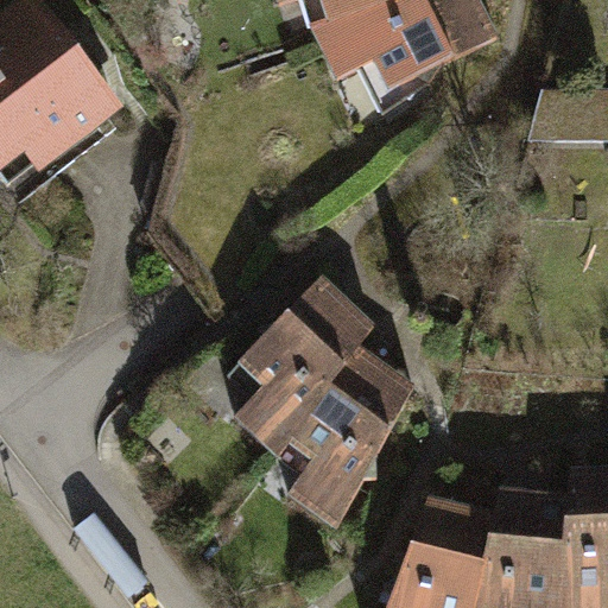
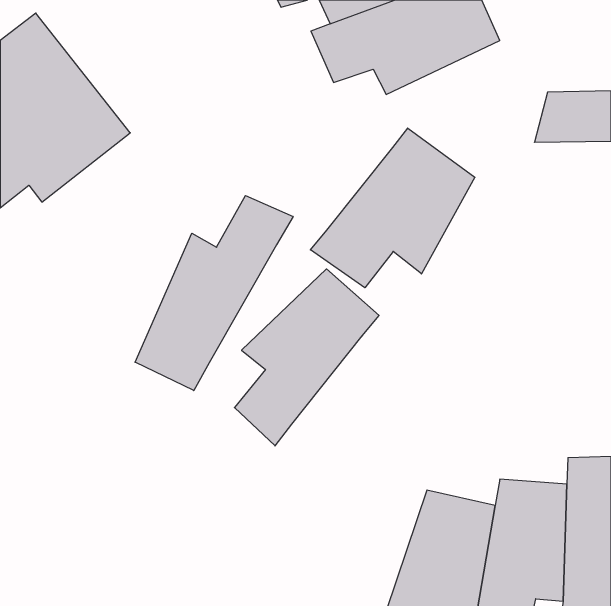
building: none -> [310,128,475,288]
building: none -> [135,196,293,391]
building: [285,338,417,522] -> none

